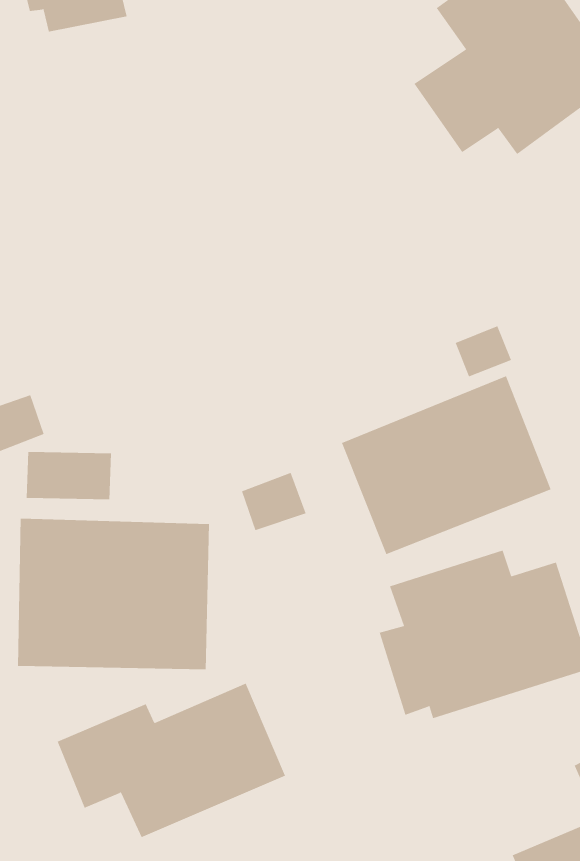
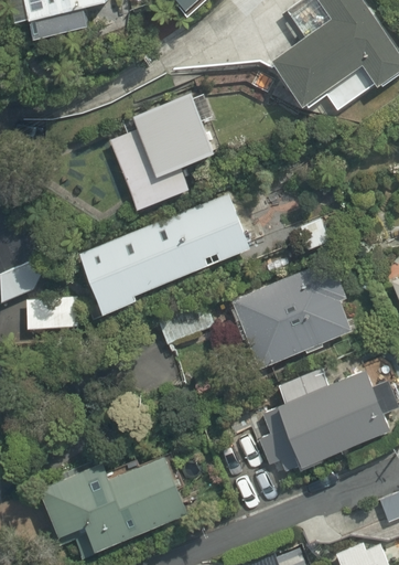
building: none -> [104,92,217,215]
building: none -> [73,192,254,321]
building: [17,518,210,670] -> none

